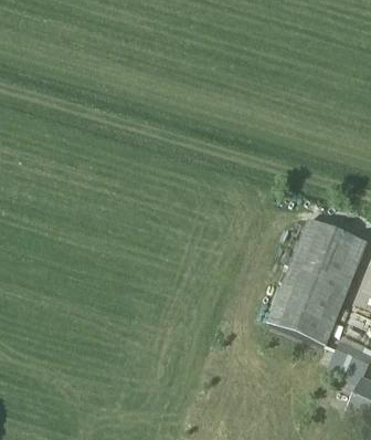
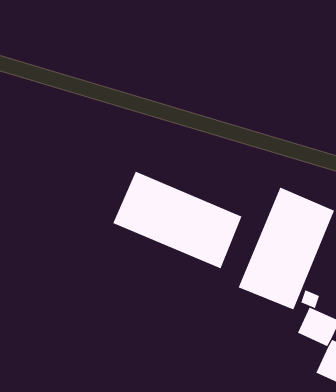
building: none -> [113,171,242,269]

